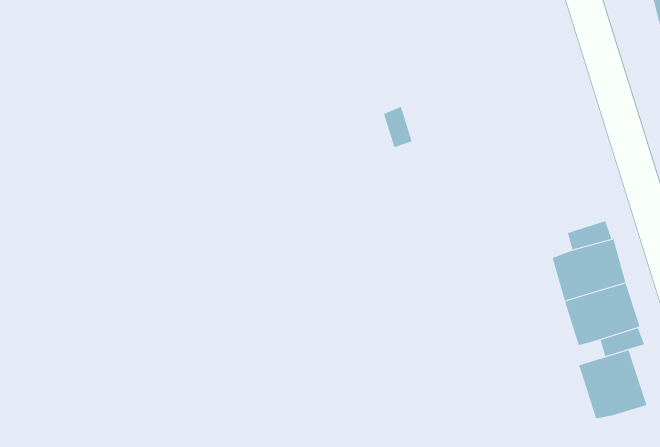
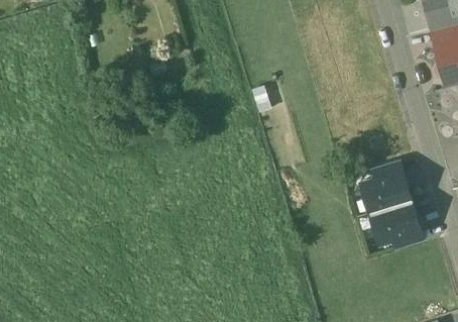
building: [579,349,647,419] -> none

